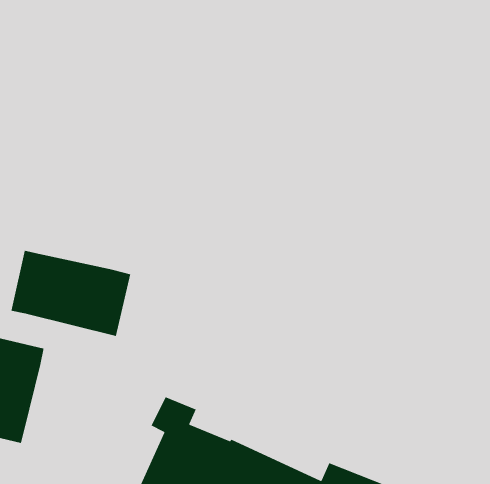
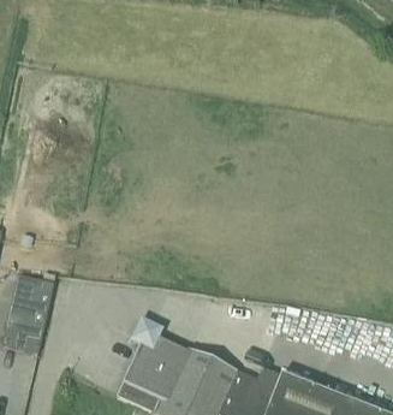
building: [10,250,131,337] -> none

